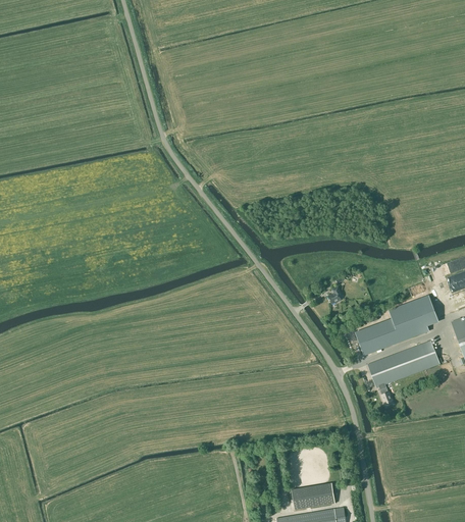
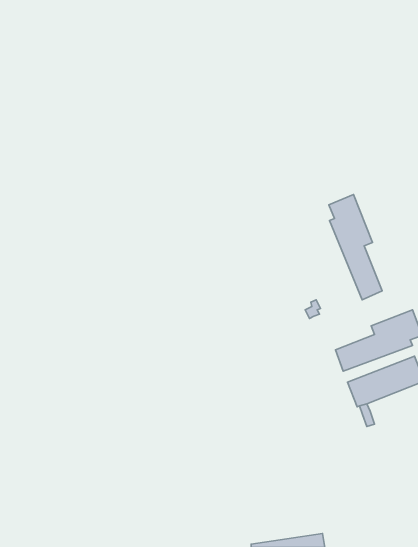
building: none -> [329,195,382,300]
building: [291,482,335,510] -> none

